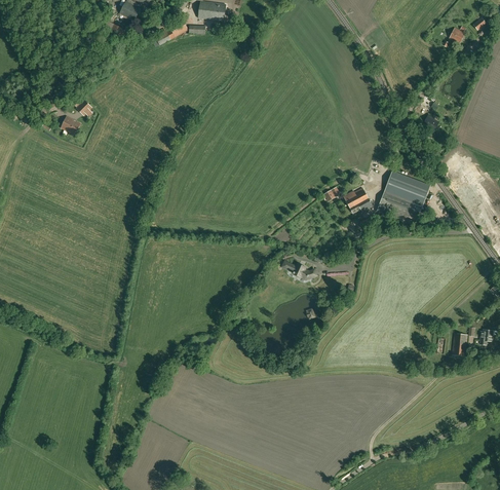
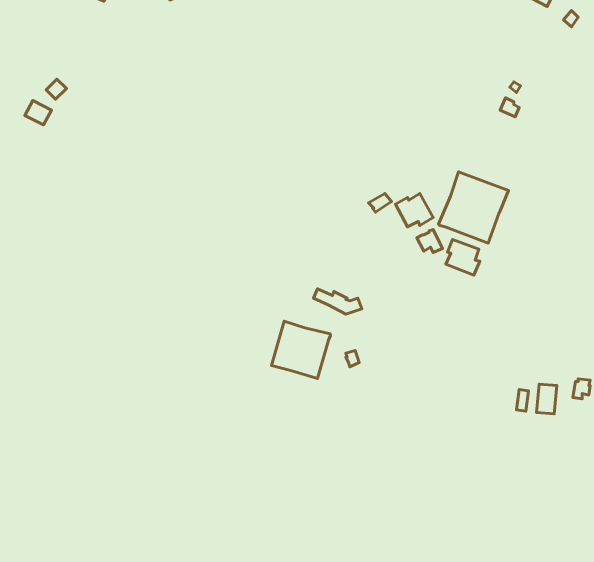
building: none -> [446,240,480,275]
building: none -> [271,321,330,378]

